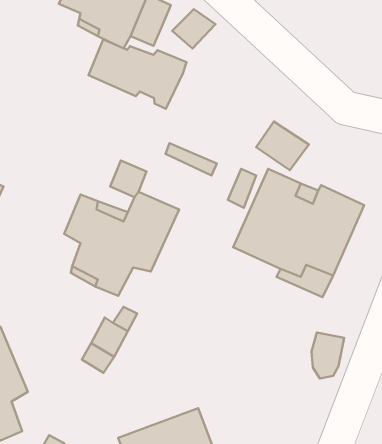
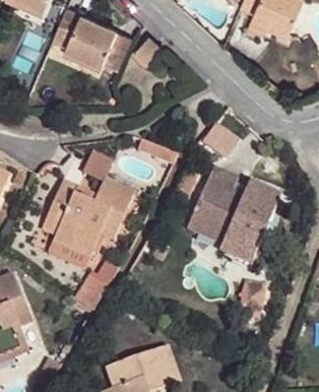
building: [88,39,186,109] -> none

